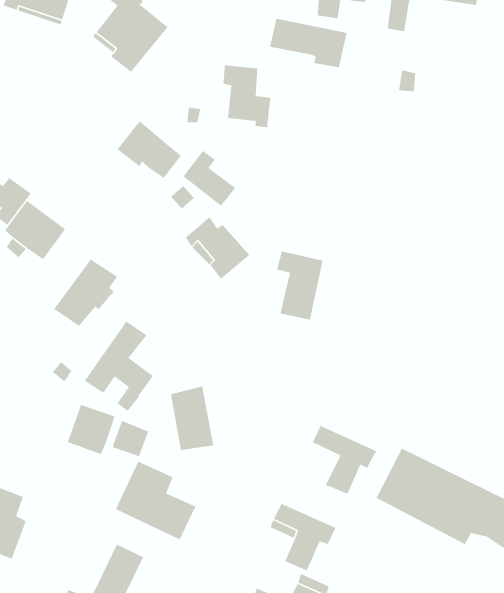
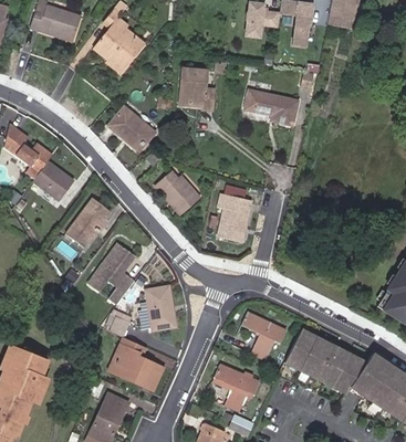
building: [269,18,347,68] -> [246,88,299,123]
building: [183,150,236,207] -> none
building: [67,404,115,455] -> none

